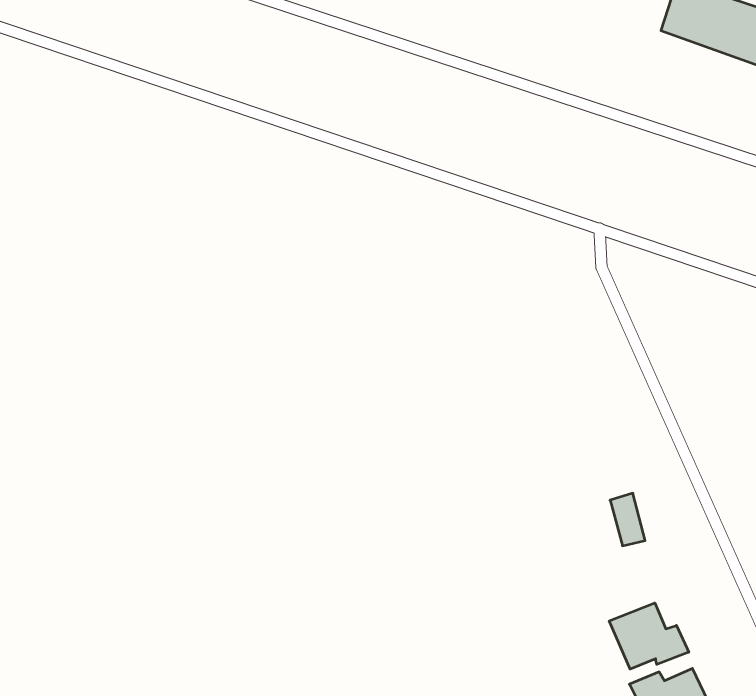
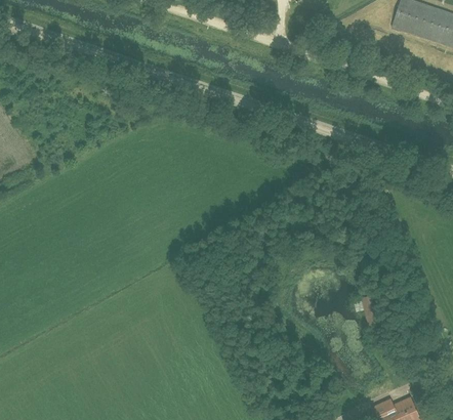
building: [609,603,689,669] -> none

